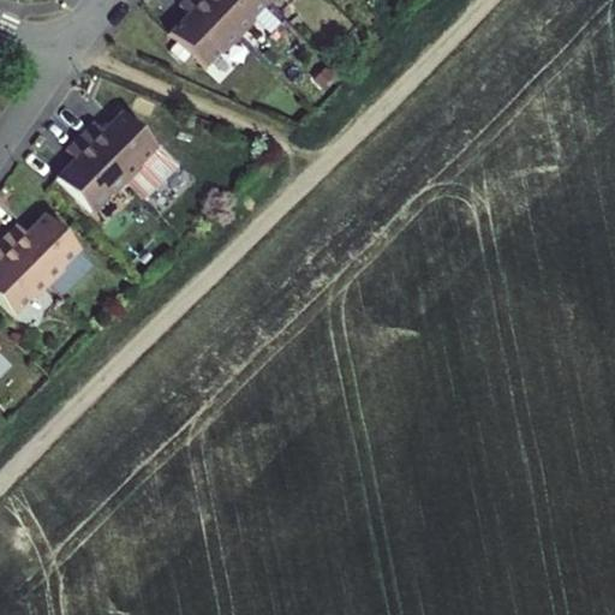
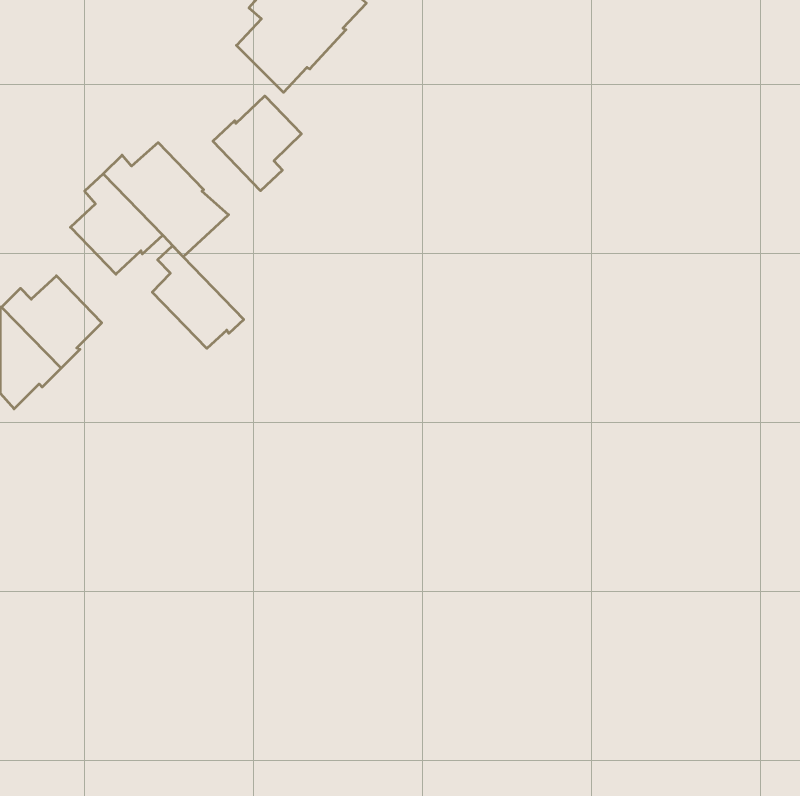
building: none -> [213,96,301,191]
building: none -> [152,246,244,348]

